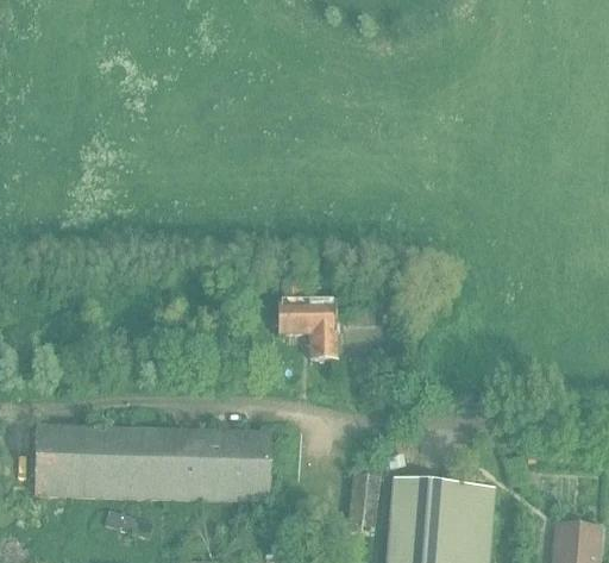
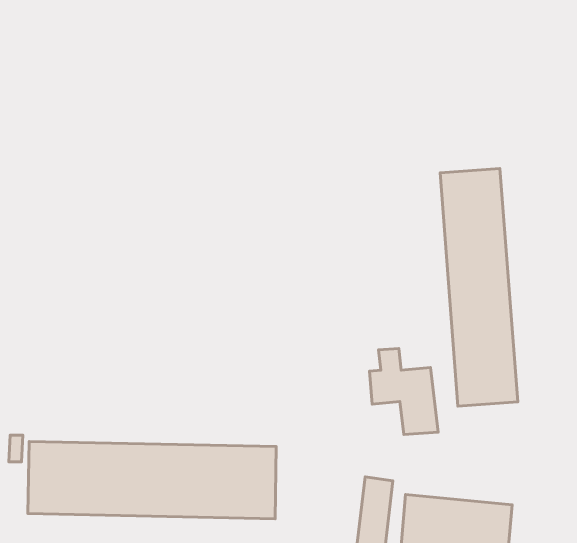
building: none -> [440,168,518,406]
building: [275,279,339,359] -> [370,348,438,435]

